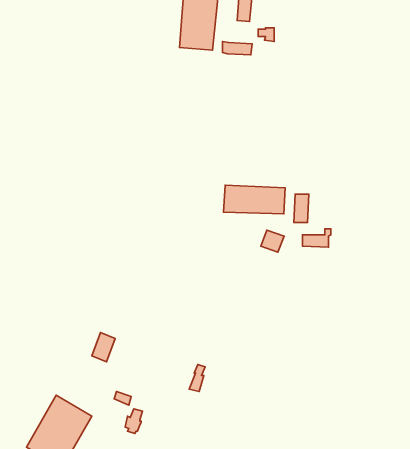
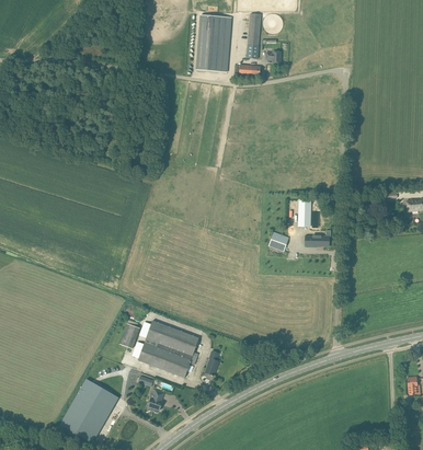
building: [224,185,285,214] -> none
building: none -> [138,320,199,377]

